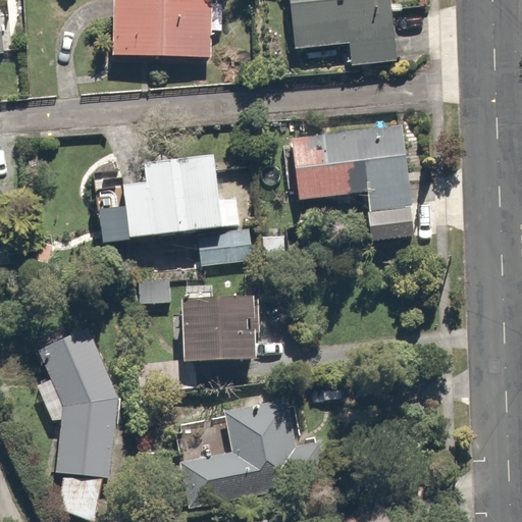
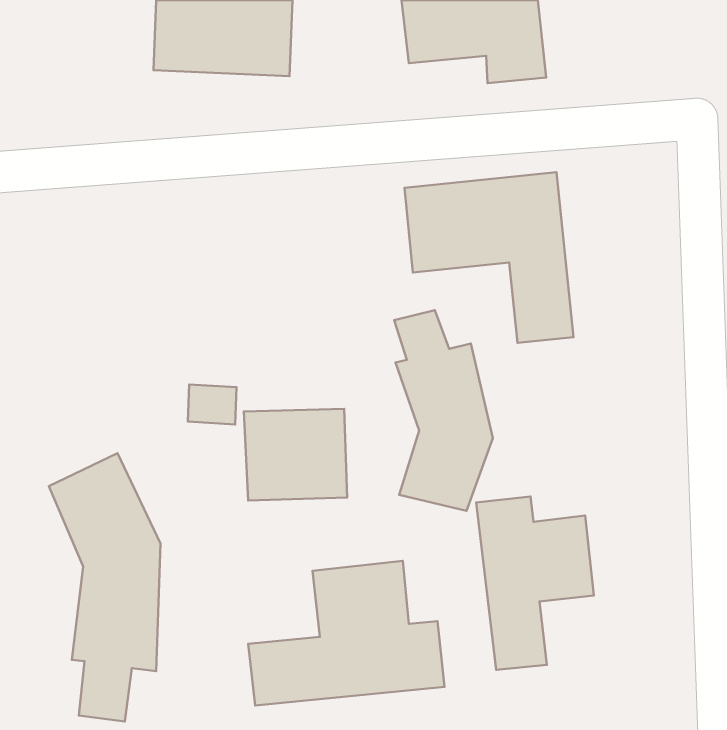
building: [120,149,242,267] -> none
building: none -> [394,310,493,511]
building: none -> [476,497,594,670]

